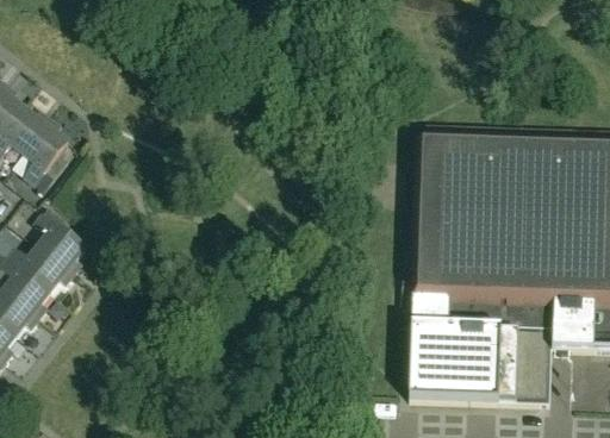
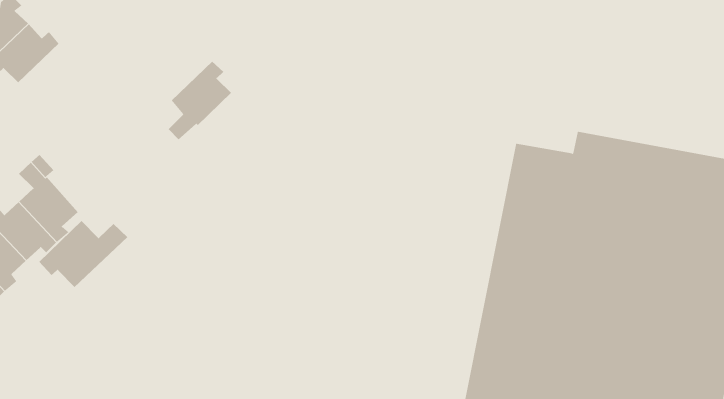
building: [24,120,70,186] -> [168,61,232,140]
building: none -> [39,220,128,288]

